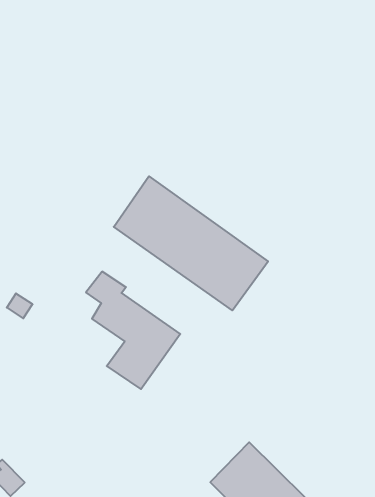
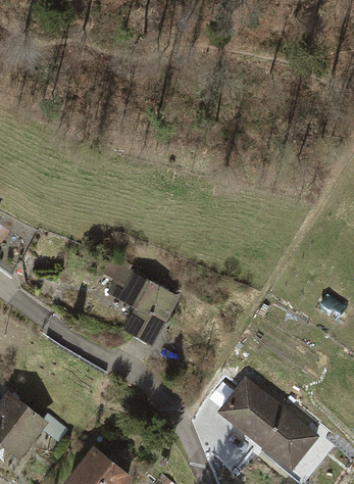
building: [114,176,268,310] -> none

